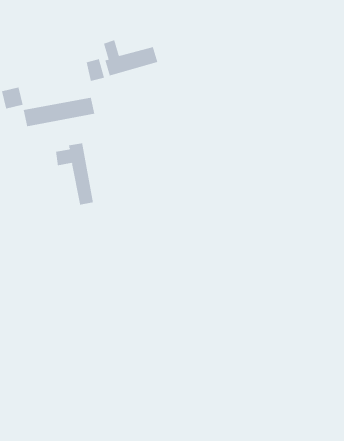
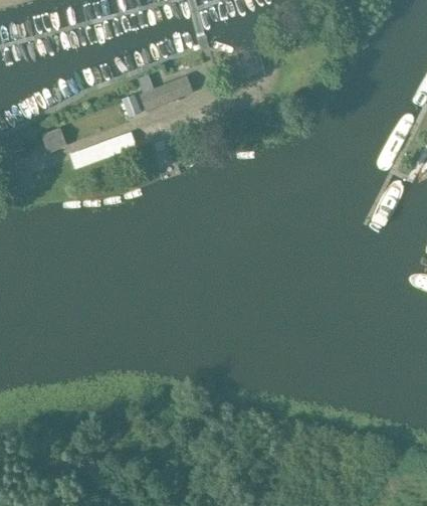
building: [55,143,94,205] -> none

